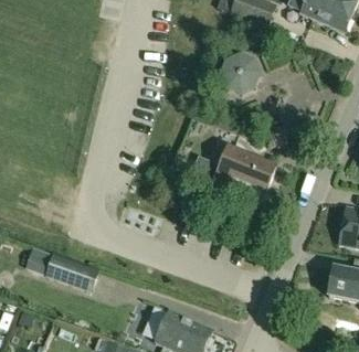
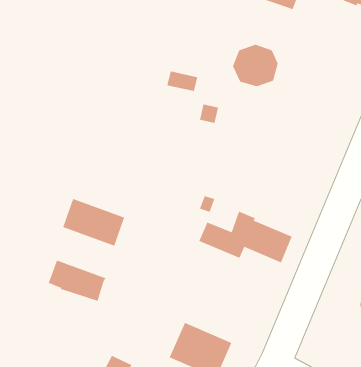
building: [190,142,275,190] -> [198,211,292,263]
building: none -> [63,198,125,247]

